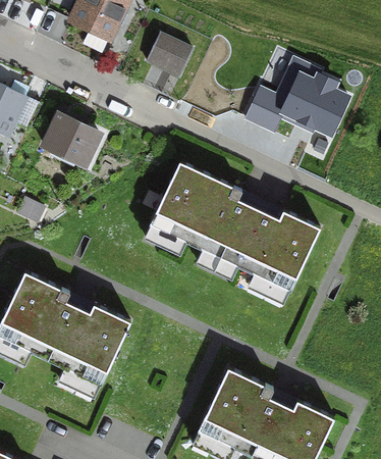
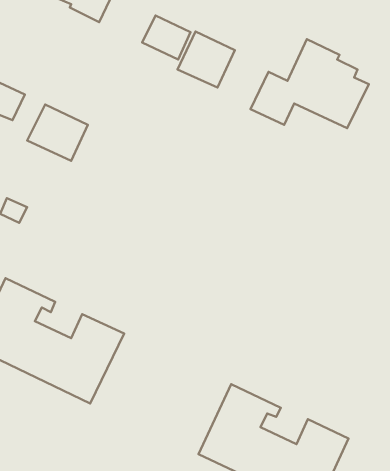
building: none -> [177,32,235,87]
building: [150,161,320,291] -> none

